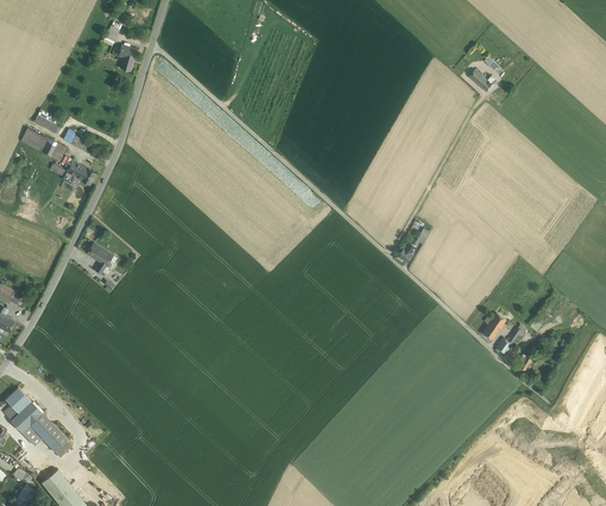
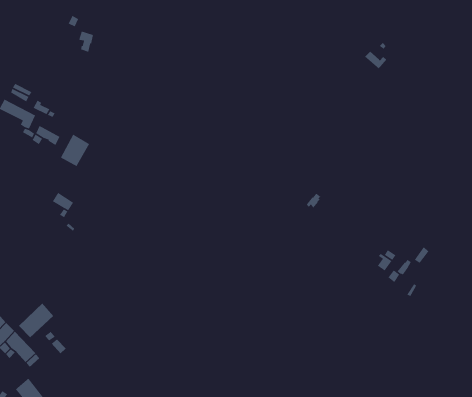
building: none -> [60,134,90,167]
building: none -> [18,302,54,338]

